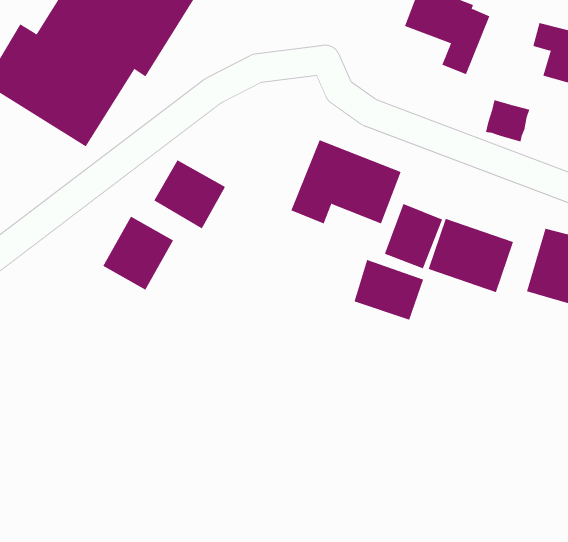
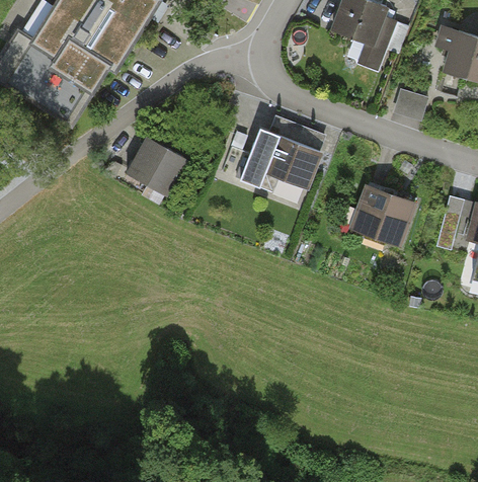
building: [384,203,443,269] -> none
building: [102,216,174,290] -> none
building: [354,259,424,321] -> none

